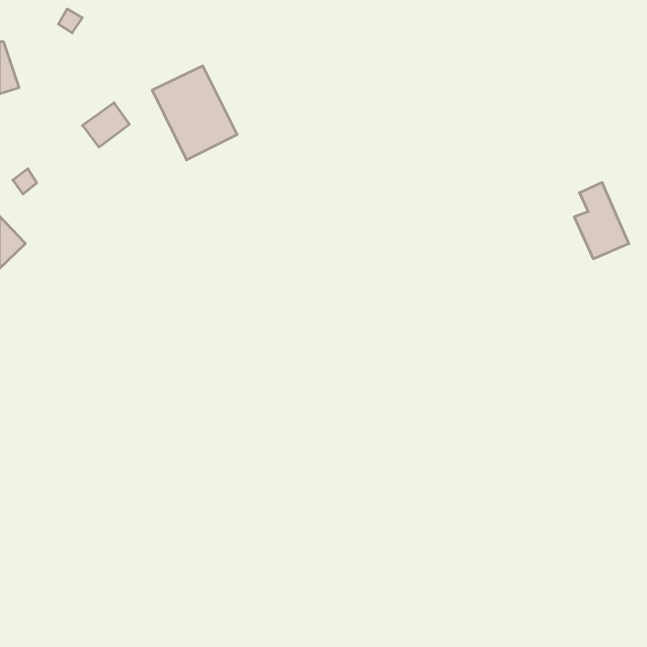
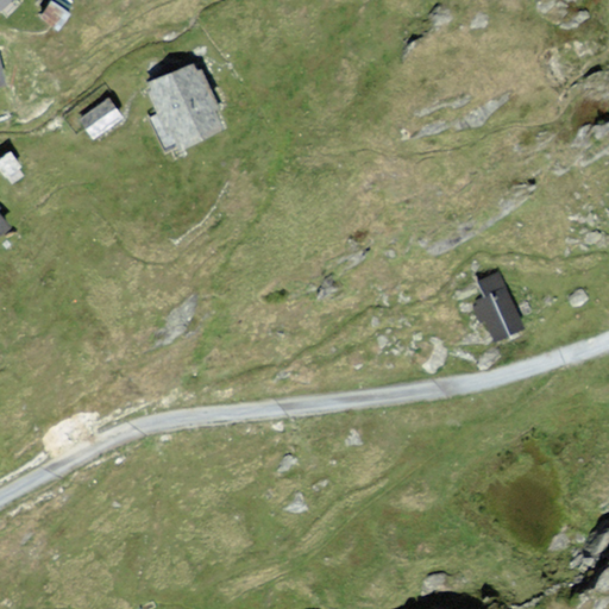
building: [574,183,629,259] -> [470,270,521,341]

